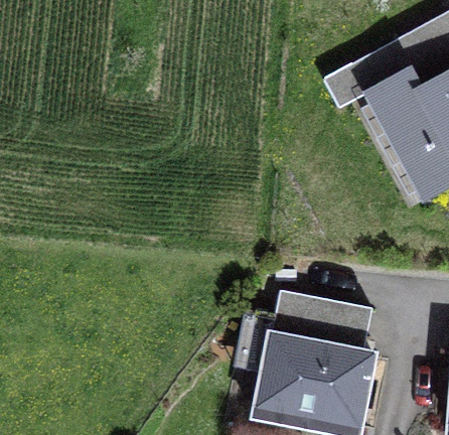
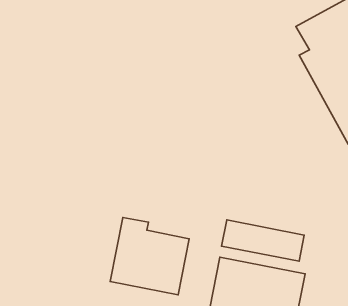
building: none -> [110,218,189,295]

